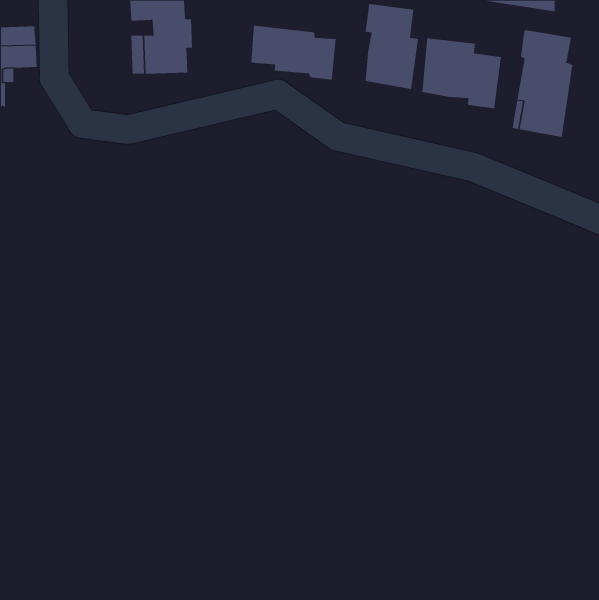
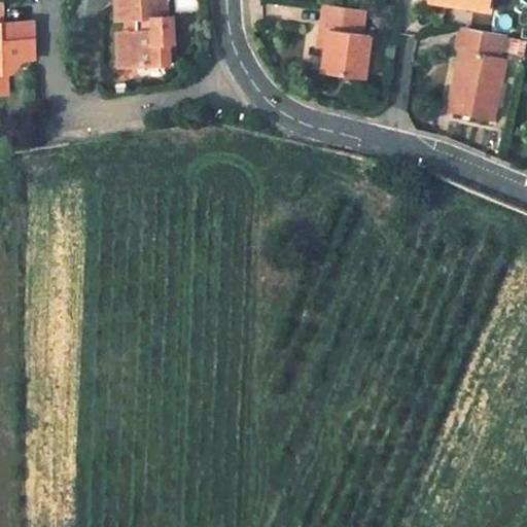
building: [251,25,336,81] -> none
building: [422,38,501,109] -> none

